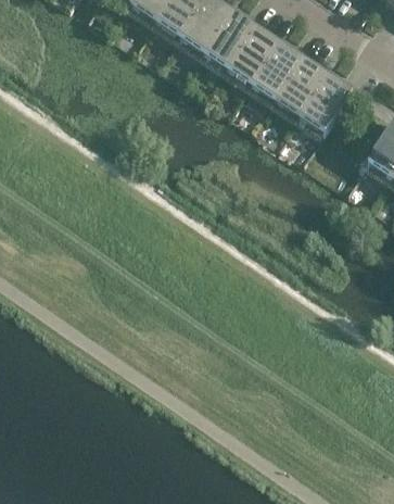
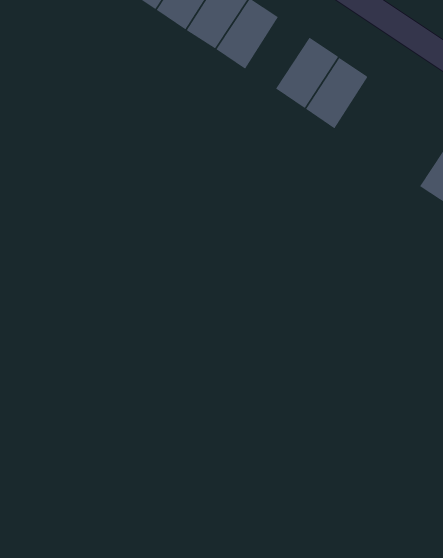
building: [228,26,280,84] -> none
building: [300,74,352,133] -> none

